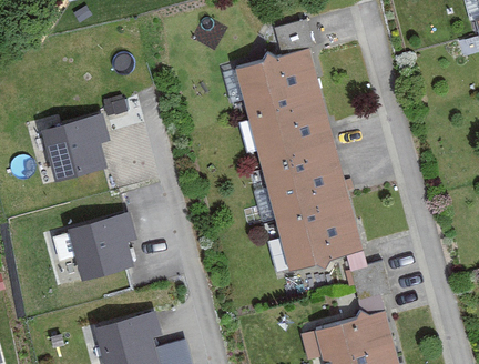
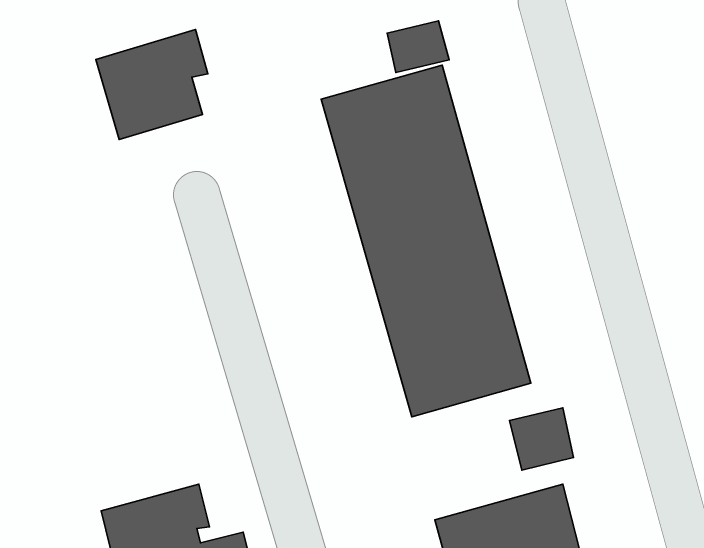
building: [40,113,110,182] -> [96,29,208,139]
building: [67,212,136,280] -> none

